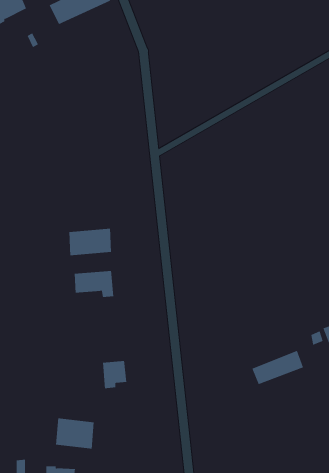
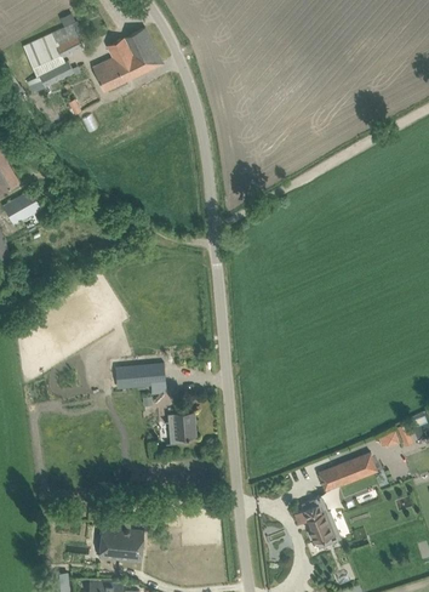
building: [69,228,111,256] -> none
building: [102,360,127,389] -> [168,414,196,445]
building: none -> [294,497,341,548]

